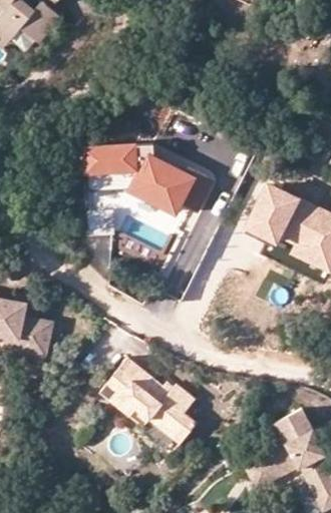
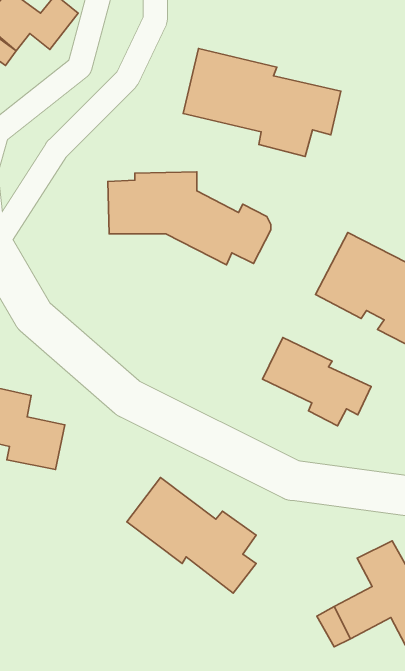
building: none -> [183,48,341,157]
building: none -> [263,337,371,426]

